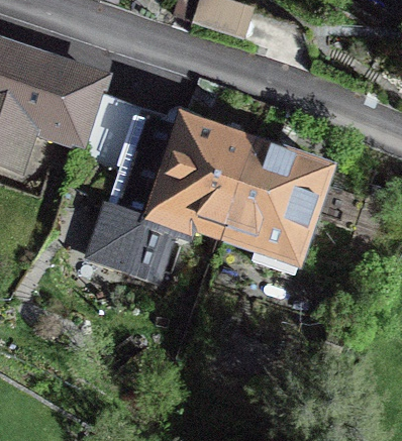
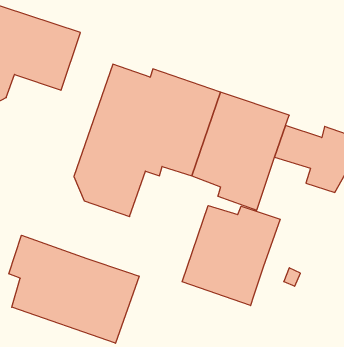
building: none -> [182,206,280,306]
building: none -> [9,235,139,343]

